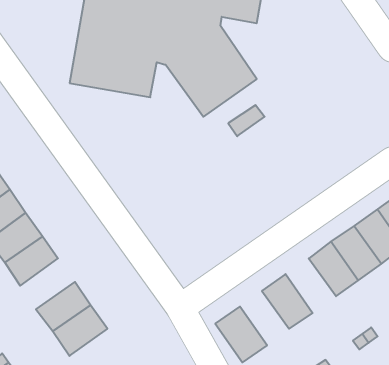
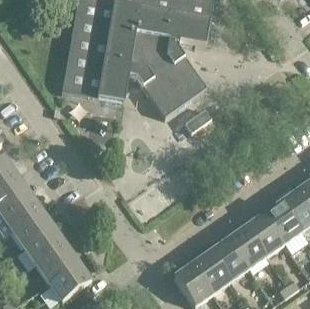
building: none -> [24,226,66,265]
building: none -> [228,226,267,268]
building: none -> [193,251,231,293]

